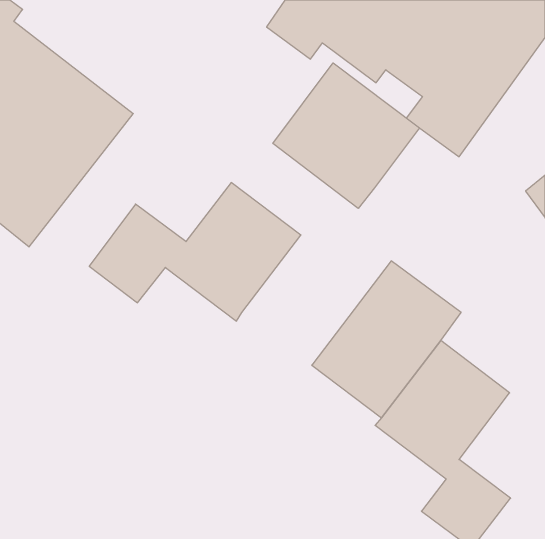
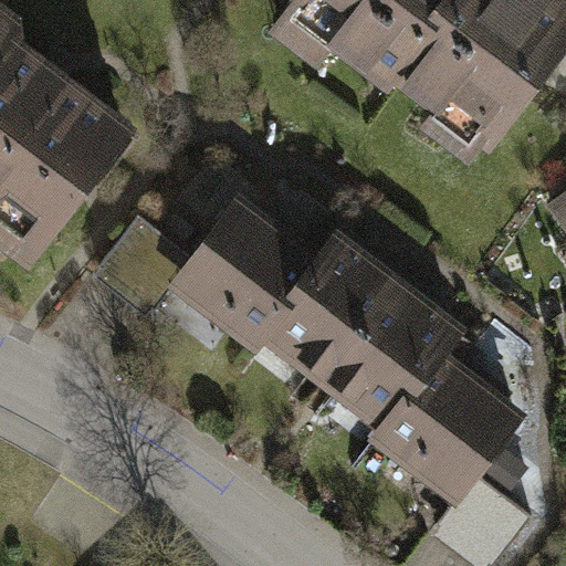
building: [273,63,419,208] -> none
building: none -> [249,224,402,386]

